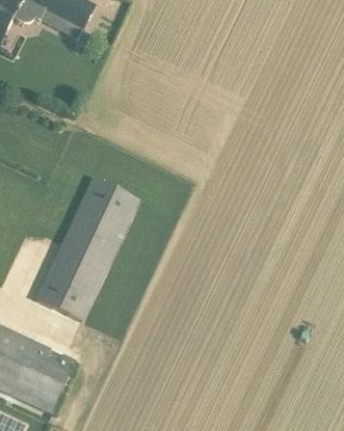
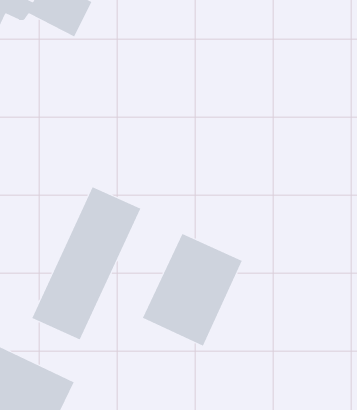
building: none -> [142,233,242,346]

